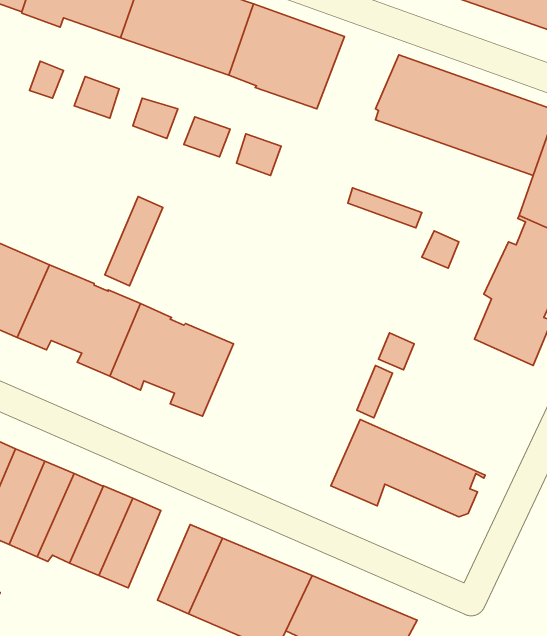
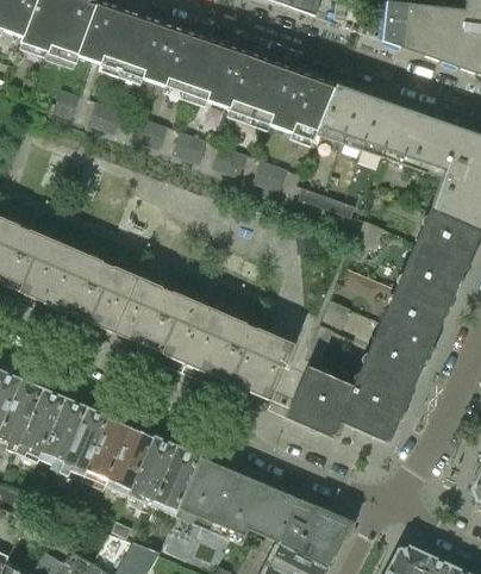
building: none -> [274,70,337,141]
building: none -> [252,160,287,192]
building: [105,196,163,286] -> none
building: none -> [358,304,441,408]
building: none -> [186,307,294,400]
building: none -> [129,436,176,505]

